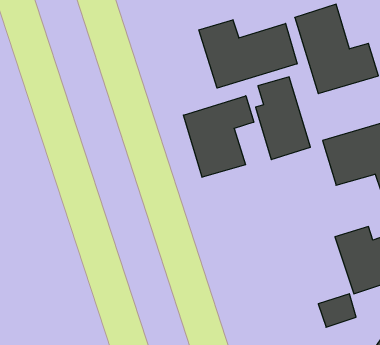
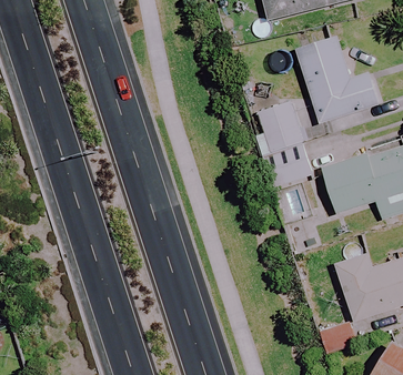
building: [199,20,297,88] -> none
building: [183,96,254,177] -> none

